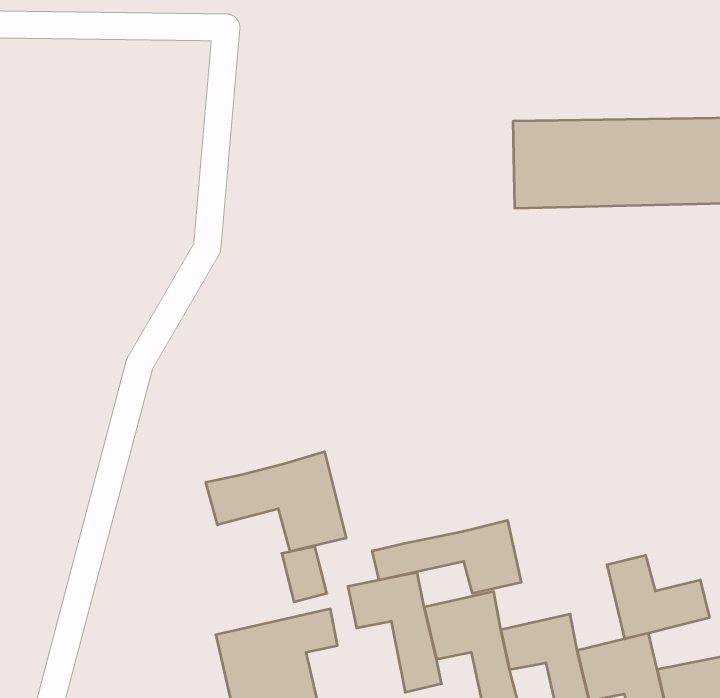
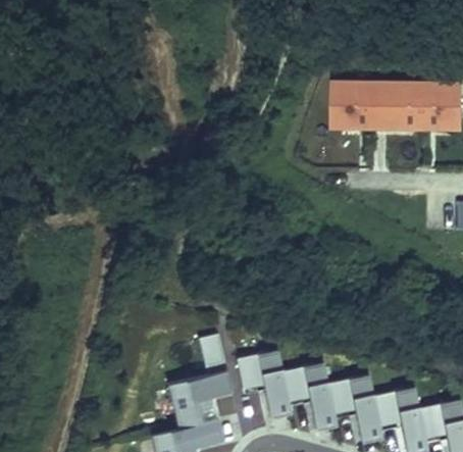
building: [206,452,346,552] -> none
building: [372,520,521,593] -> none
building: [607,555,709,639] -> none

